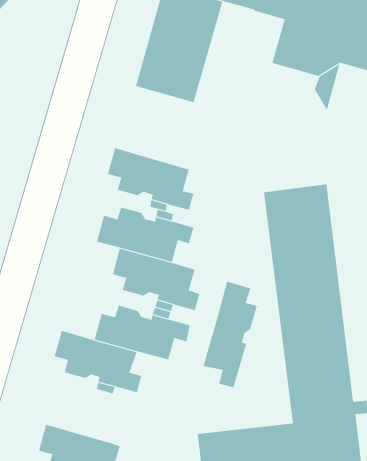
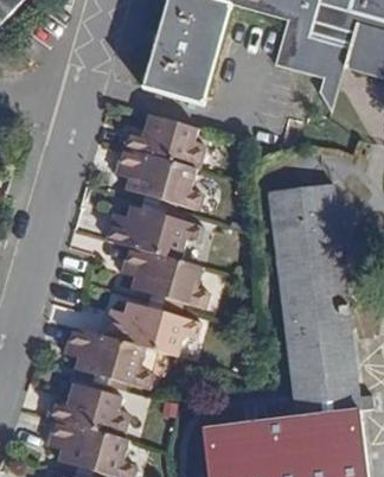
building: none -> [123,114,204,168]
building: [203,281,257,388] -> none
building: none -> [47,383,128,438]

